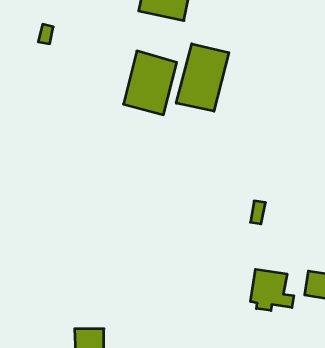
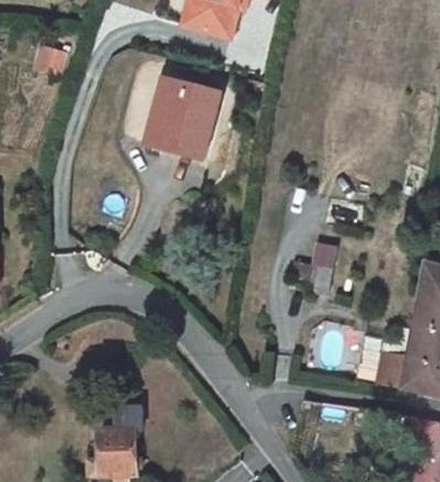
building: [176,44,229,111] -> none
building: [251,269,294,311] -> none

